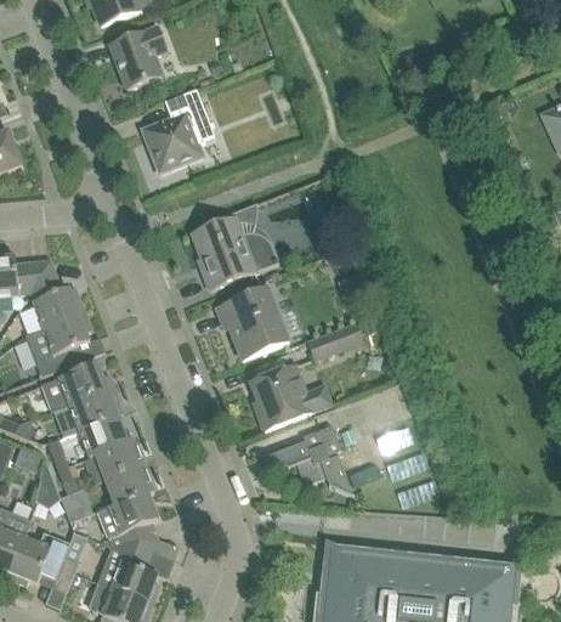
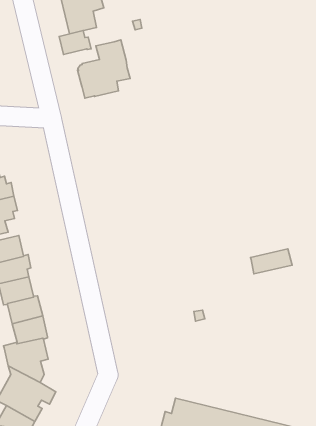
building: none -> [59,31,91,54]
building: [192,216,276,288] -> none
building: [216,287,289,358] -> none
building: [307,320,363,358] -> [250,249,292,274]
building: [250,363,333,429] -> none
building: [264,424,353,494] -> none

